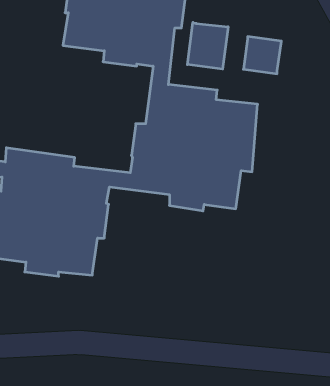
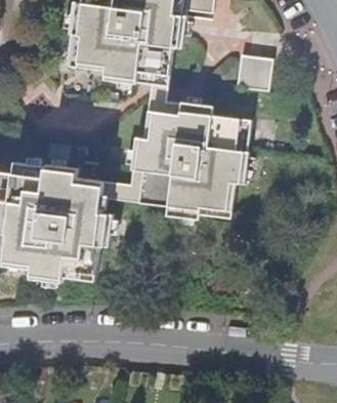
building: [187,22,228,69] -> none

